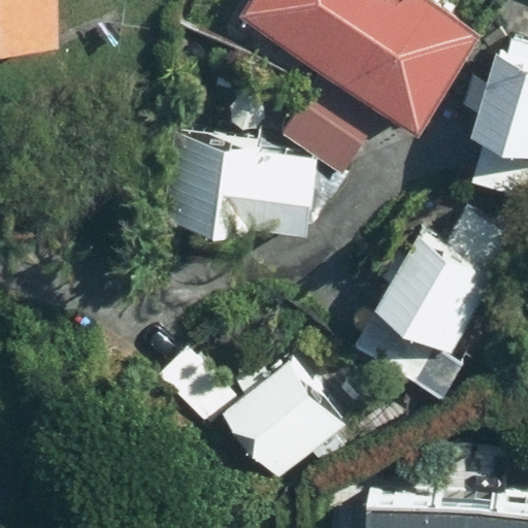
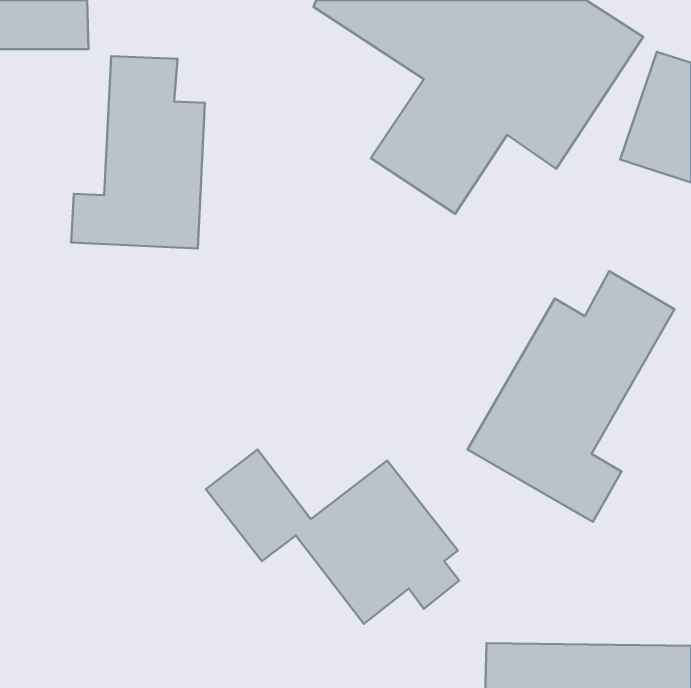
building: none -> [71,56,205,249]
building: [166,133,318,224] -> none

